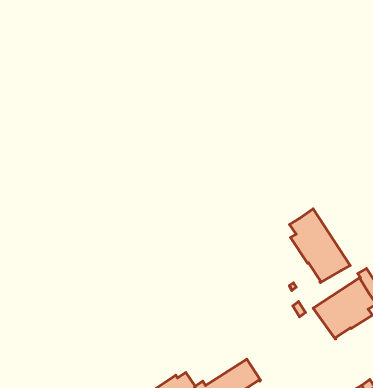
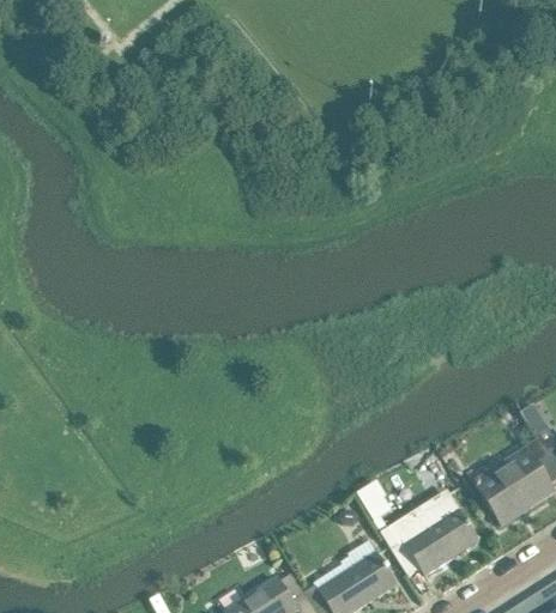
building: [289,209,350,282] -> none
building: none -> [382,493,478,576]

